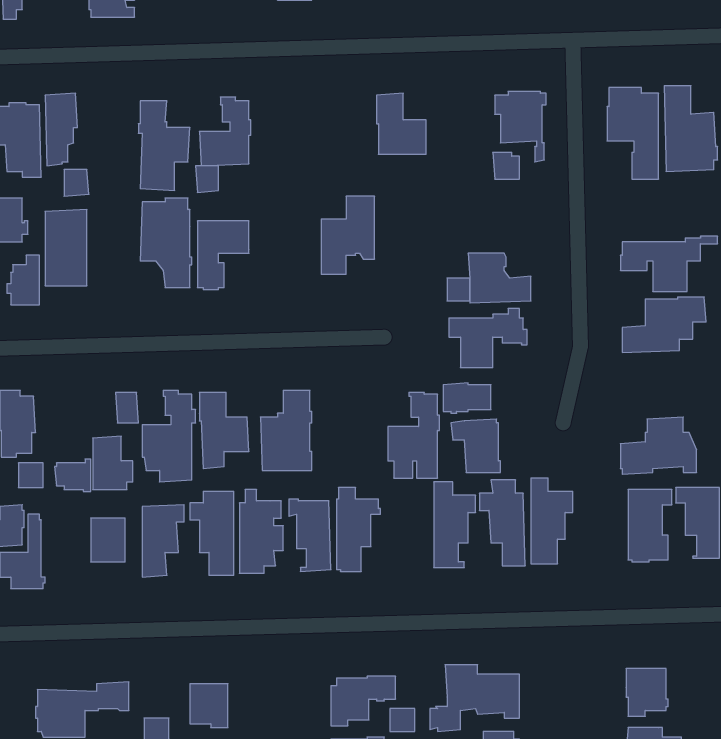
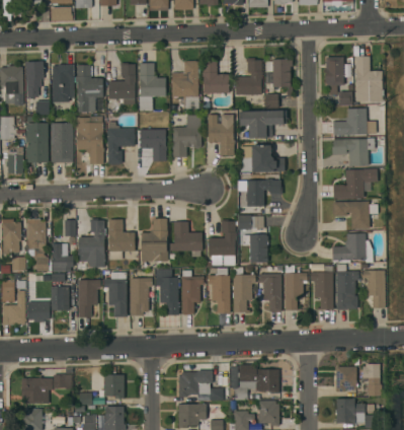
building: none -> [235,58,262,94]
building: none -> [171,60,200,109]
building: none -> [139,62,166,111]
building: none -> [52,63,74,101]
building: none -> [333,107,374,134]
building: none -> [240,110,285,137]
building: none -> [208,114,235,155]
building: none -> [51,122,73,162]
building: none -> [141,129,167,160]
building: none -> [332,201,378,228]
building: none -> [26,218,52,255]
building: none -> [169,221,203,250]
building: none -> [310,265,333,309]
building: none -> [207,268,230,312]
building: none -> [27,301,50,321]
building: none -> [362,363,381,396]

